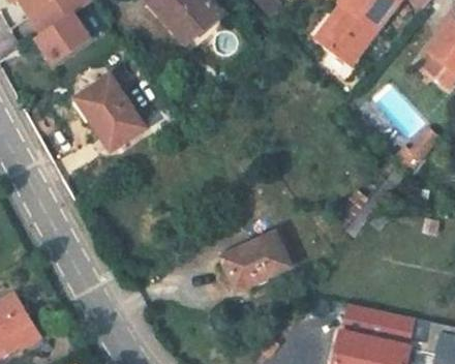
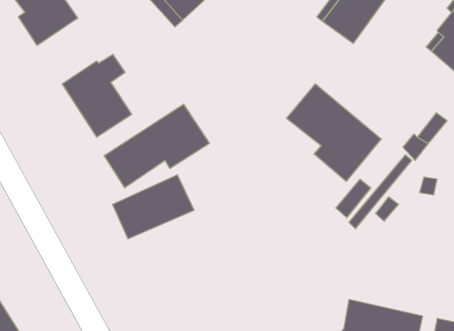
building: none -> [287,84,381,181]
building: none -> [104,104,209,188]
building: [221,229,298,289] -> [112,175,194,239]

